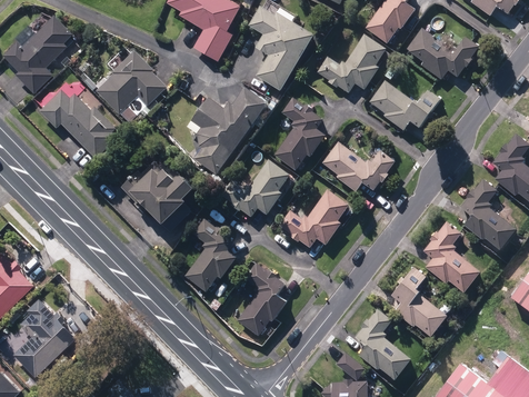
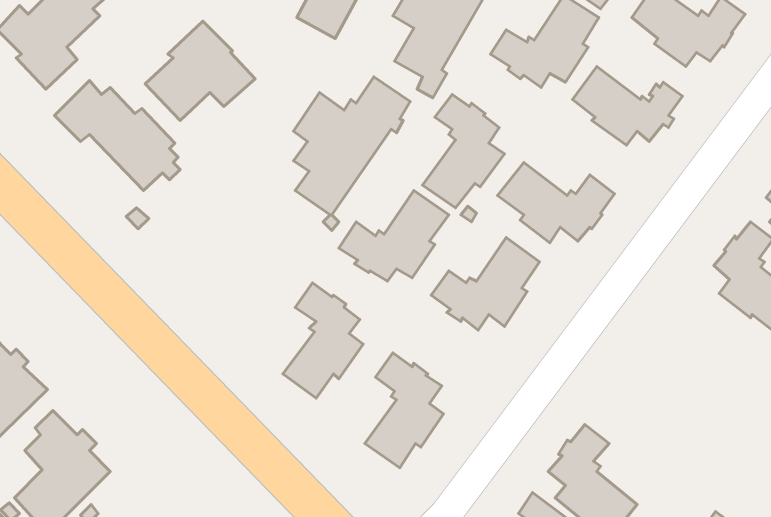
building: [120,161,192,232] -> none
building: [422,221,480,294] -> none
building: [390,267,447,337] -> none

